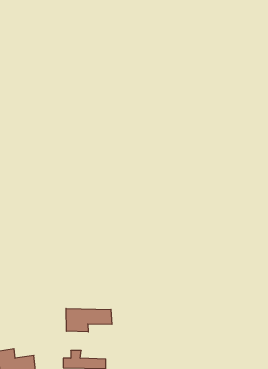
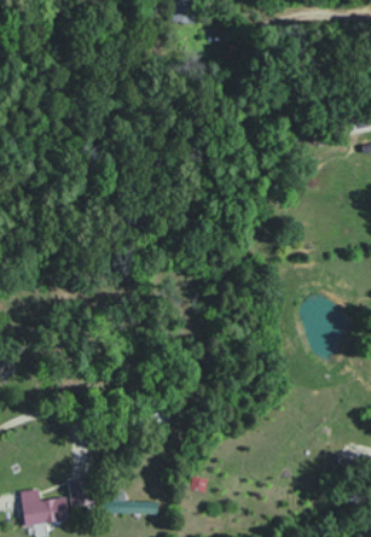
building: [66,308,112,332] -> none

